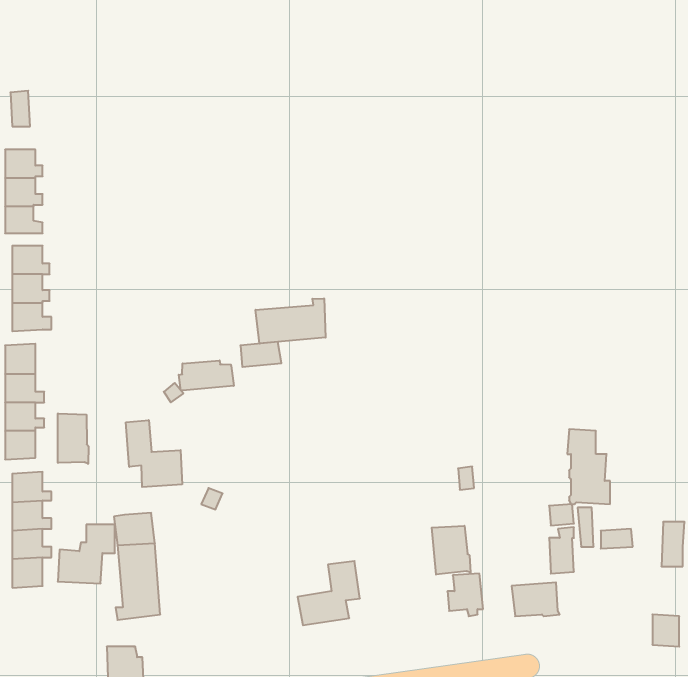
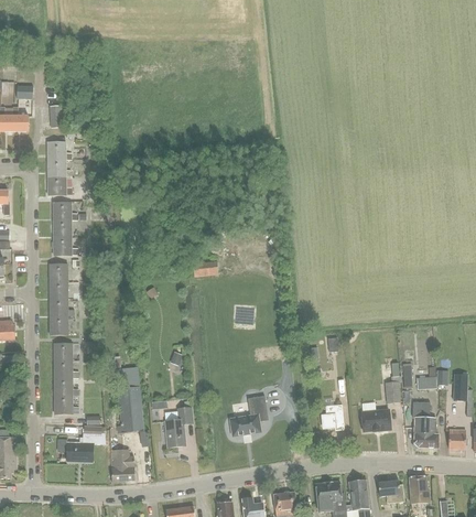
building: [256,298,326,344] -> none
building: [179,360,234,391] -> none
building: [58,413,88,464] -> none
building: [126,420,182,487] -> none
building: [567,429,610,504] -> [412,401,439,448]
building: [58,525,115,583] -> [65,424,100,461]
building: [432,526,471,575] -> none
building: none -> [164,407,193,446]

